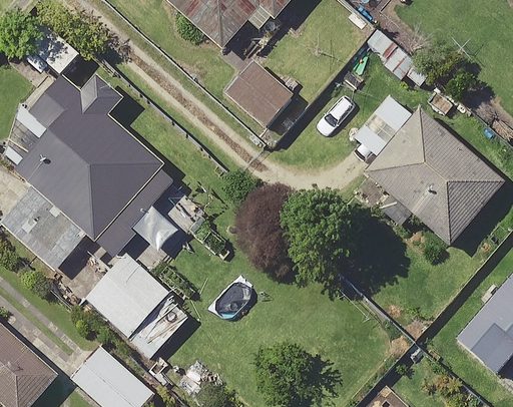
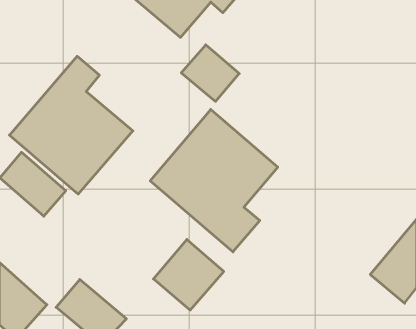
building: [363,109,503,246] -> none
building: none -> [150,109,278,252]
building: [86,250,172,336] -> [153,239,224,310]

